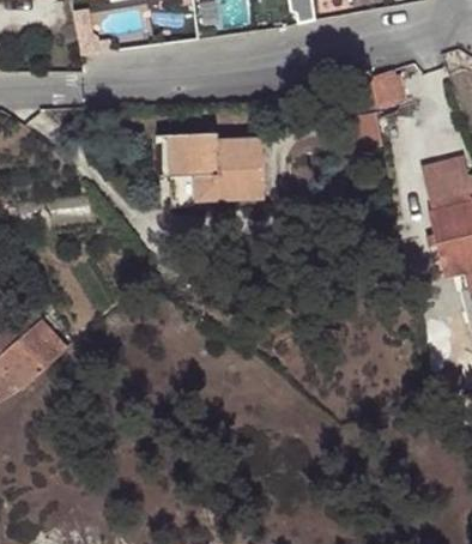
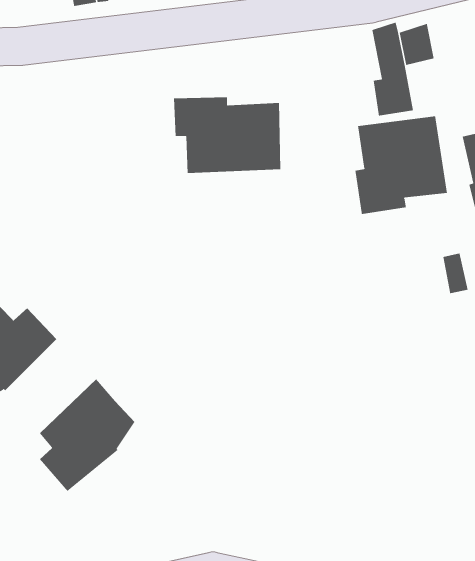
building: none -> [355,116,448,215]
building: none -> [39,378,135,492]

